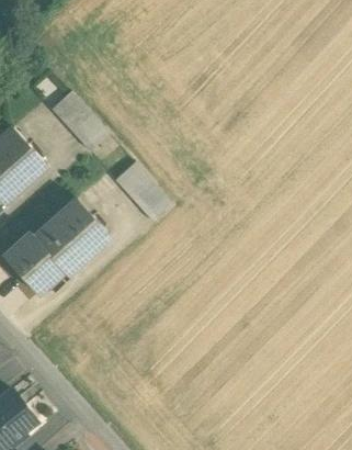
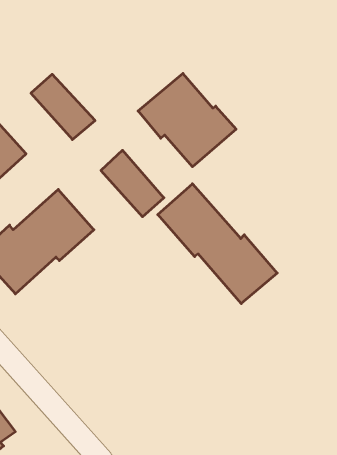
building: none -> [138,73,236,167]
building: none -> [158,184,277,304]

